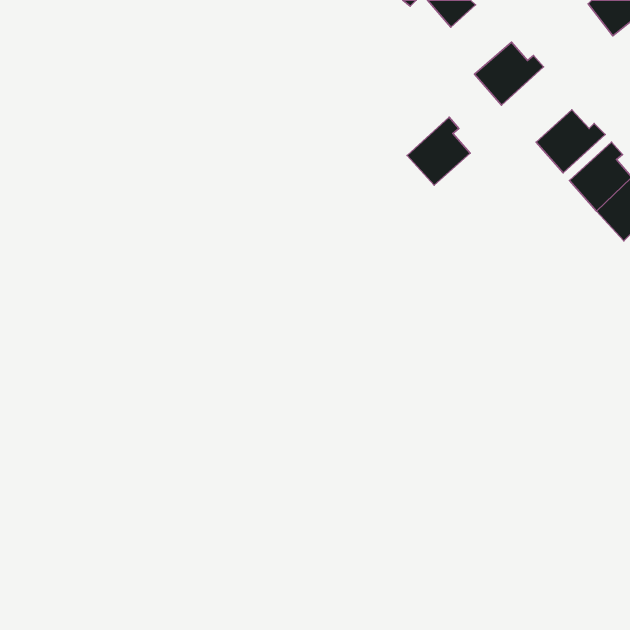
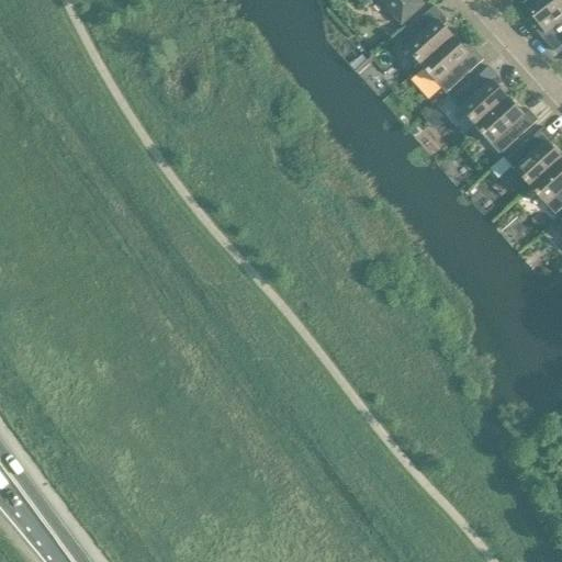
building: none -> [398,7,456,67]
building: [407,117,470,185] -> [453,67,509,127]

